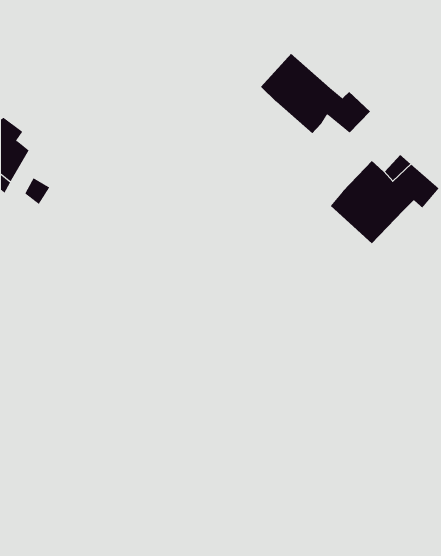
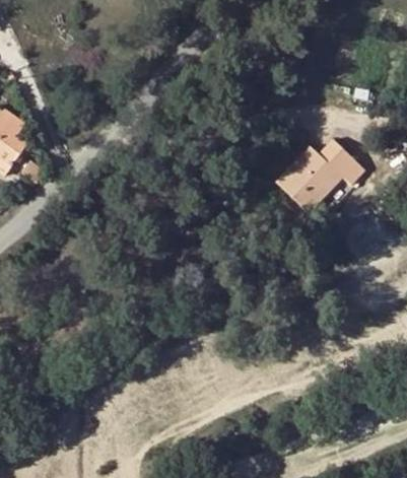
building: [260,53,371,134] -> none

